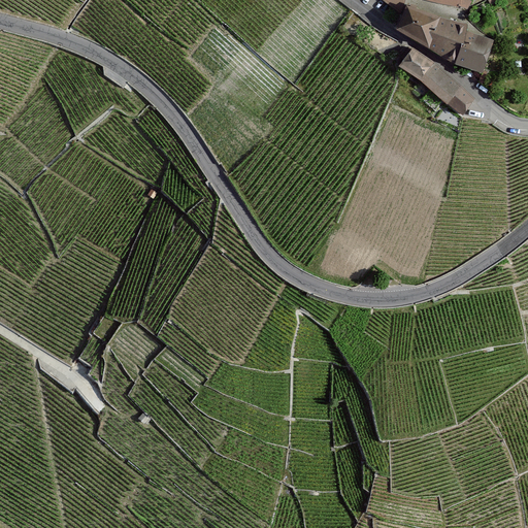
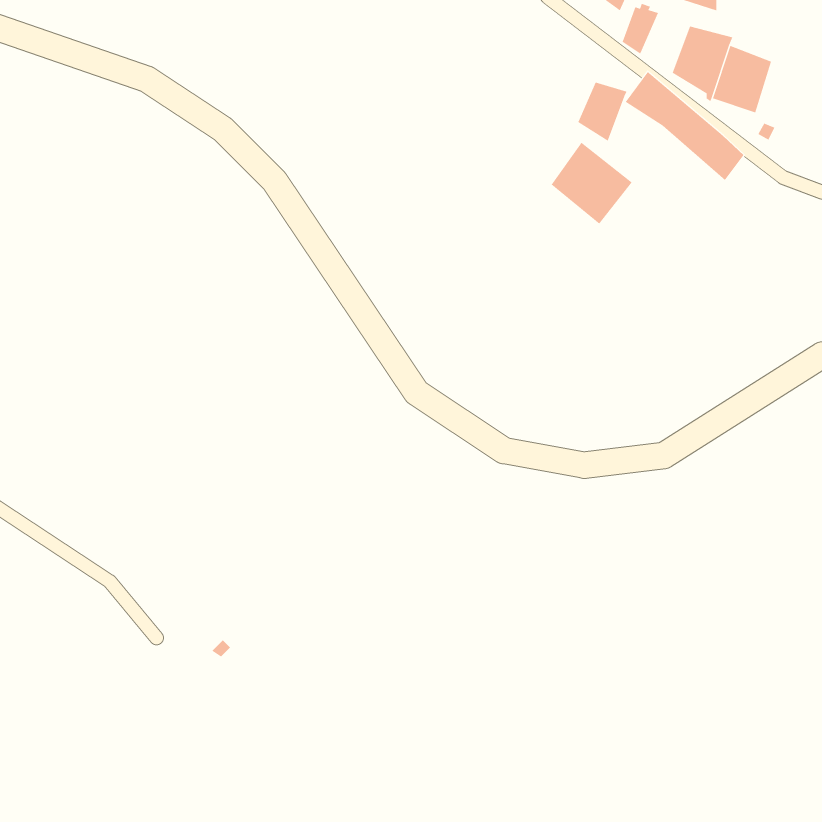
building: [409,8,441,46] -> [577,82,627,141]
building: none -> [551,142,633,225]

